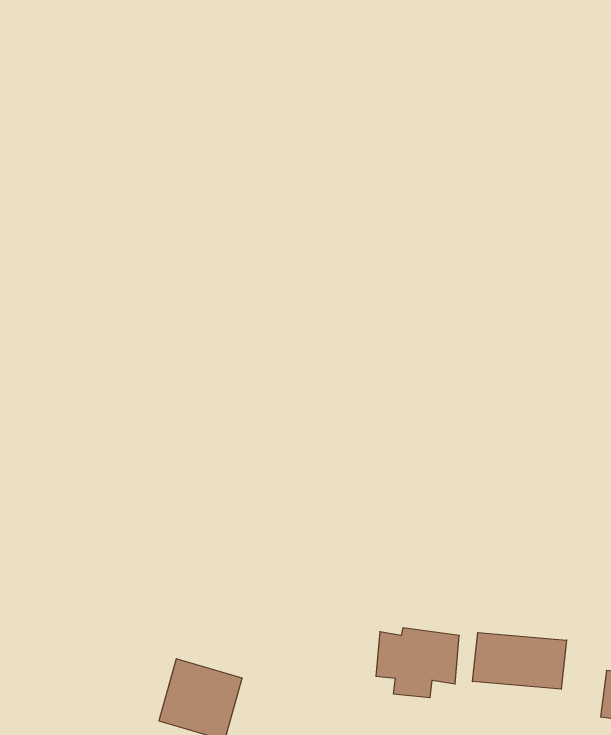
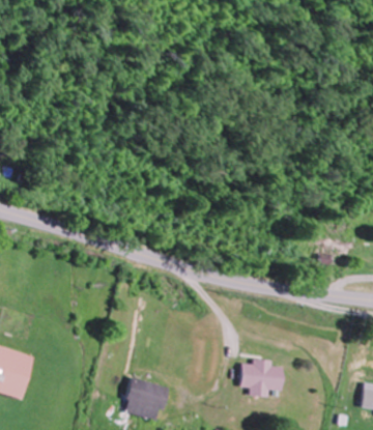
building: [473,632,567,689] -> none

